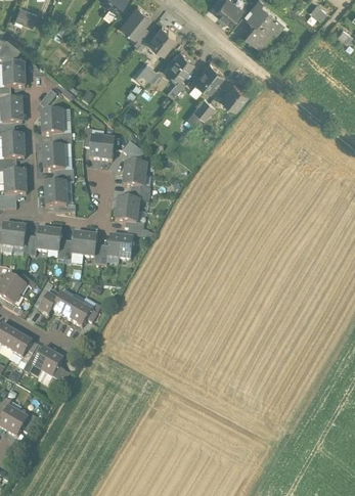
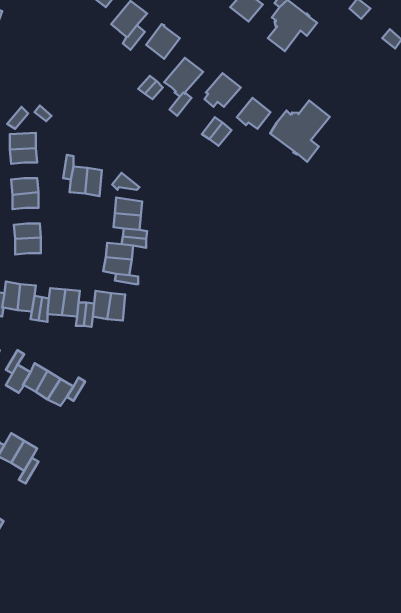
building: none -> [270,101,330,162]

